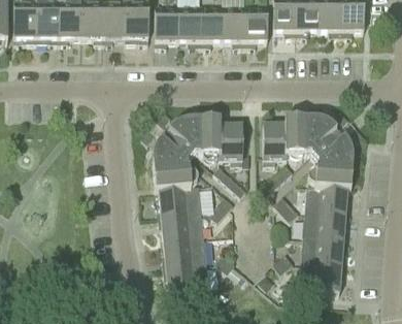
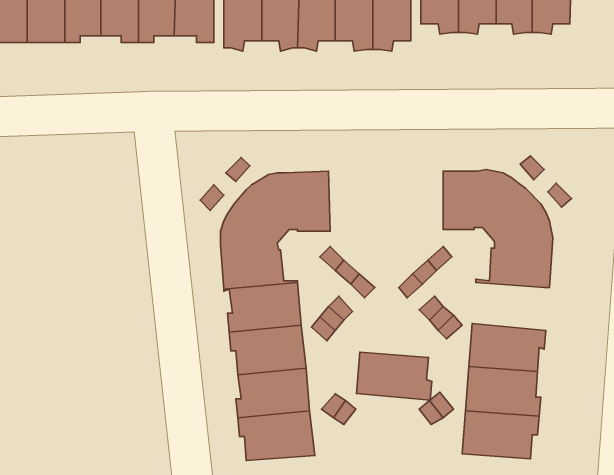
building: [217,119,242,164] -> none
building: [263,119,287,164] -> none
building: [304,186,349,215] -> [356,352,432,400]

